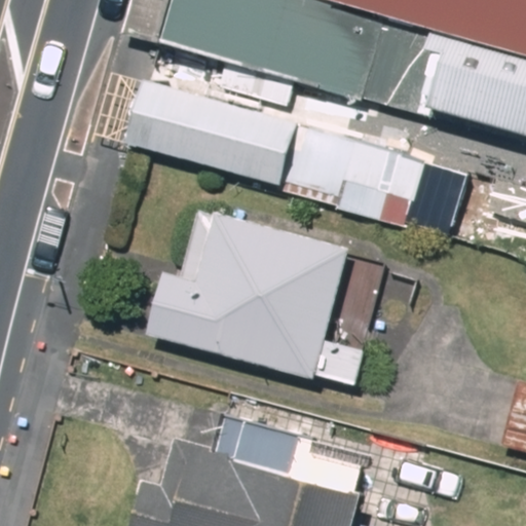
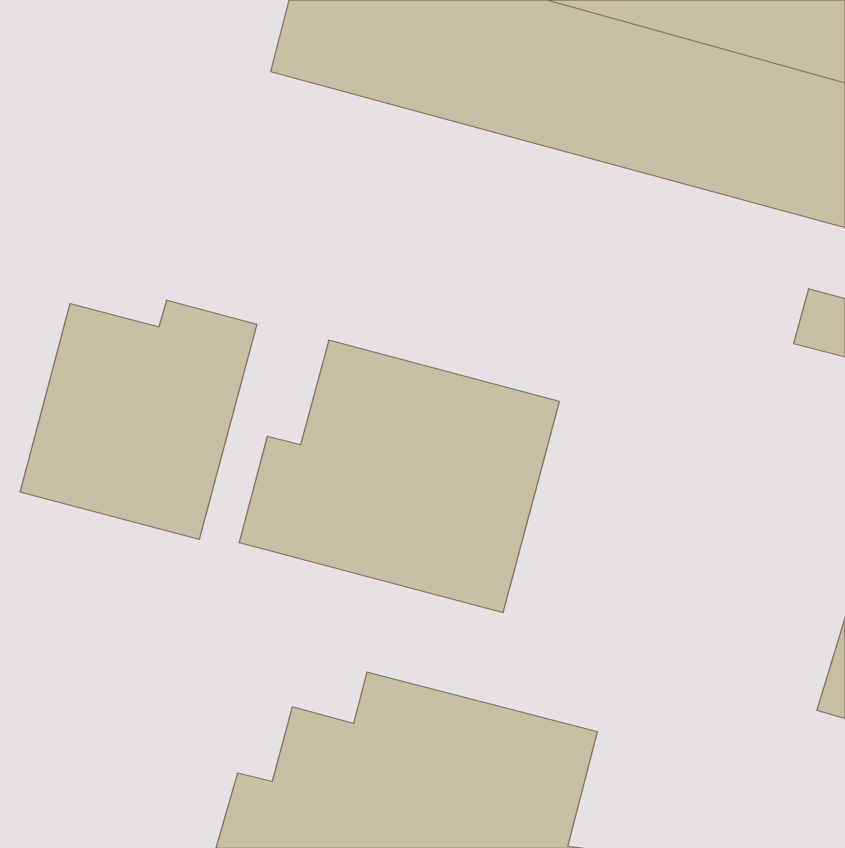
building: [140,84,494,225] -> none
building: none -> [20,300,257,539]

